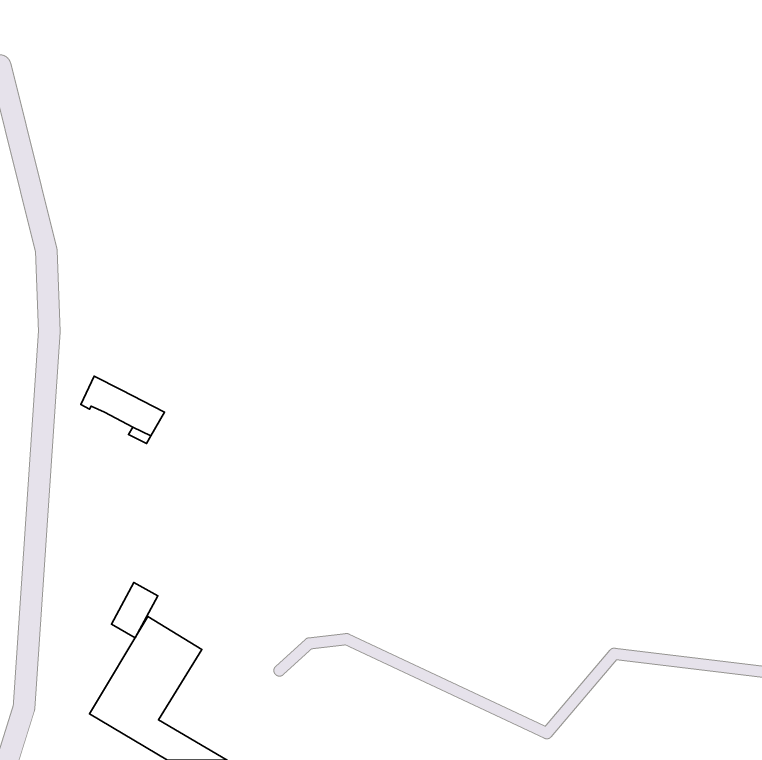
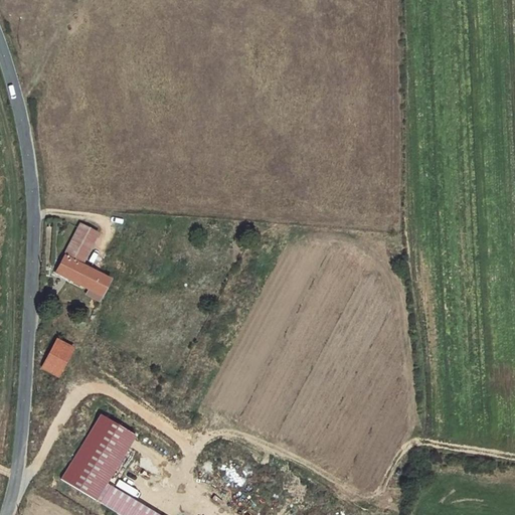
building: none -> [64,222,99,263]
building: [111,582,158,638] -> [42,338,73,375]

